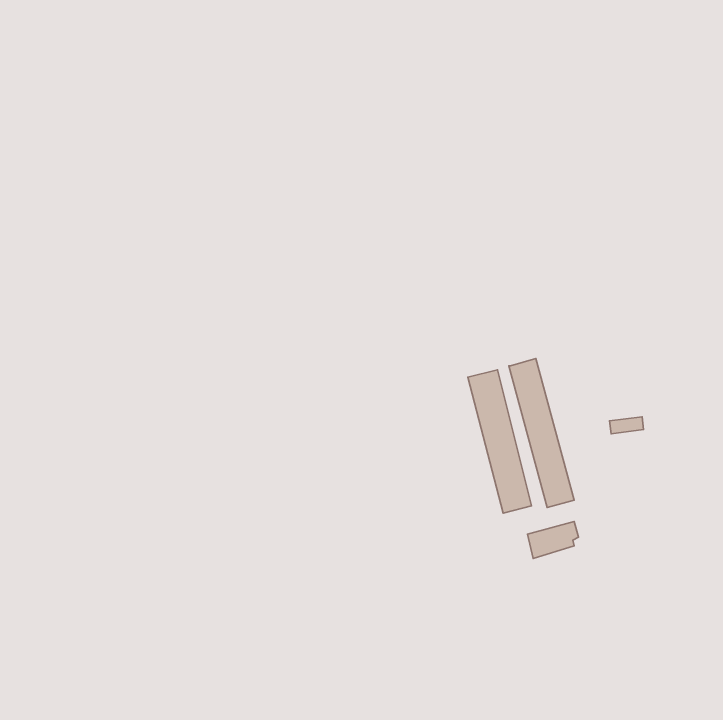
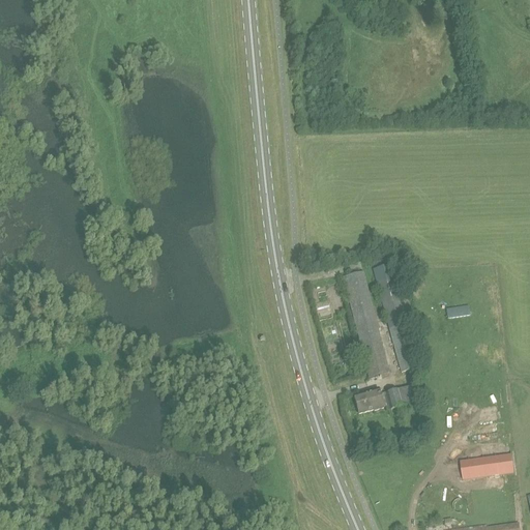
building: none -> [353,385,383,412]
building: none -> [461,452,514,478]

